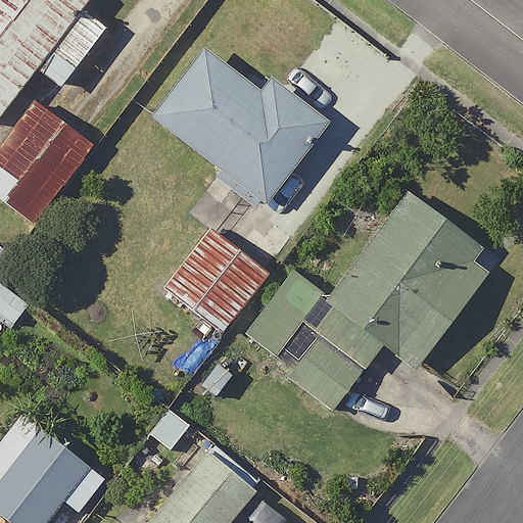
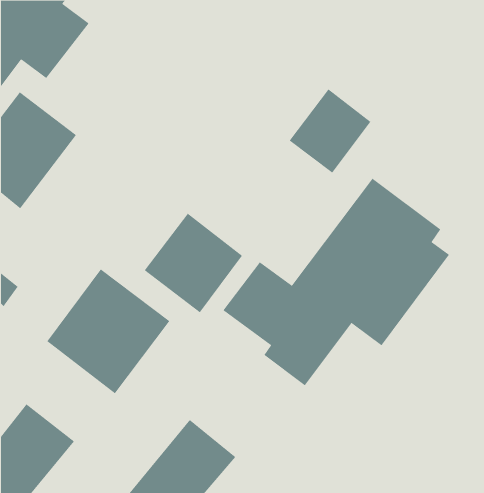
building: [147,43,327,211] -> none
building: none -> [289,88,371,174]
building: none -> [46,269,170,394]

